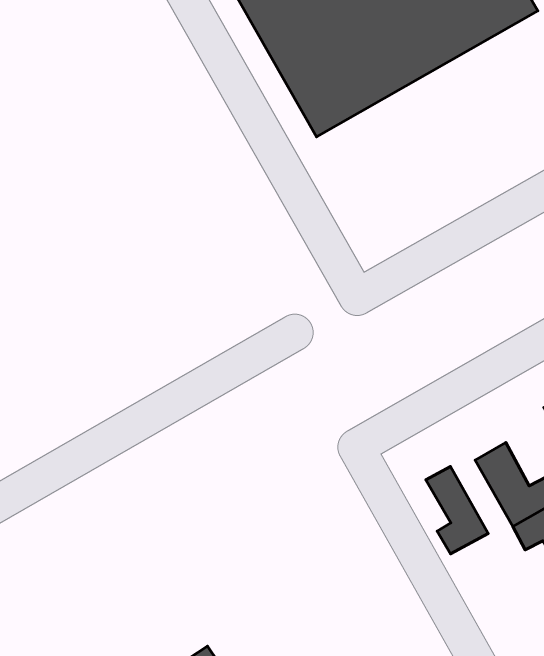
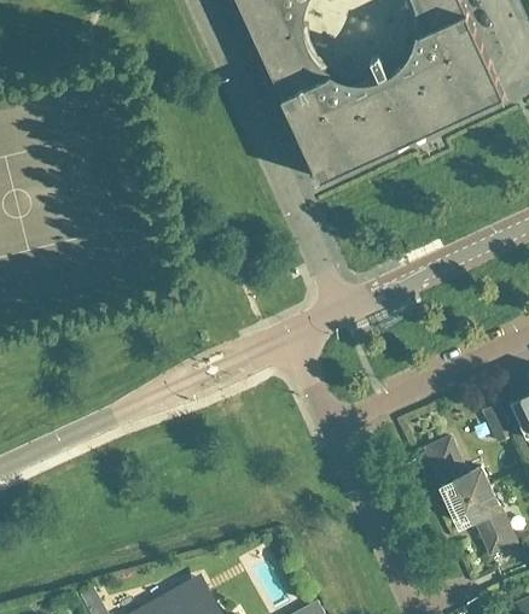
building: [426,467,488,554] -> none

